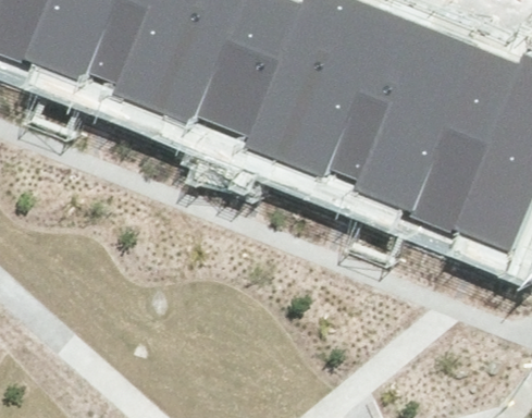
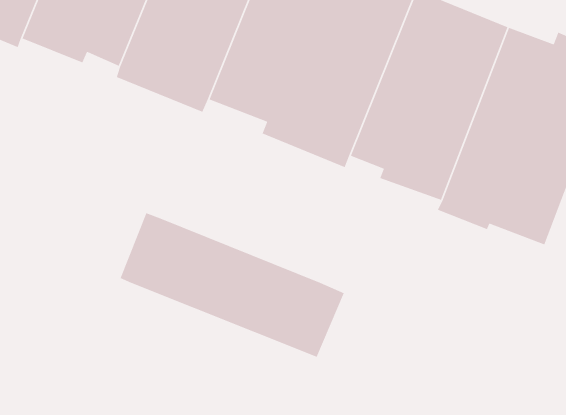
building: none -> [119,212,345,358]

